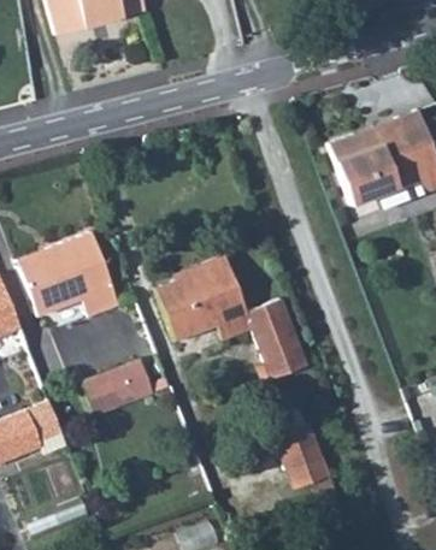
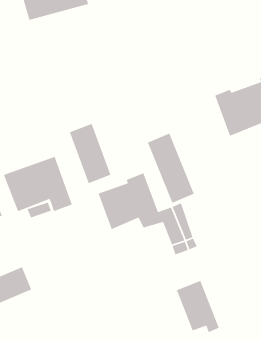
building: none -> [69,123,111,184]
building: none -> [147,133,195,204]
building: [87,361,155,414] -> none

